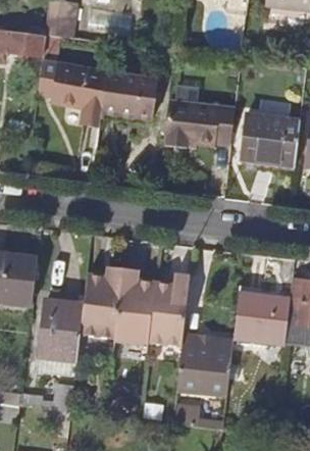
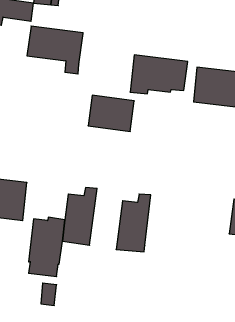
building: [101,73,158,118] -> [88,95,134,131]
building: [114,265,155,343] -> none
building: [234,295,290,342] -> none
building: [176,336,232,394] -> none

